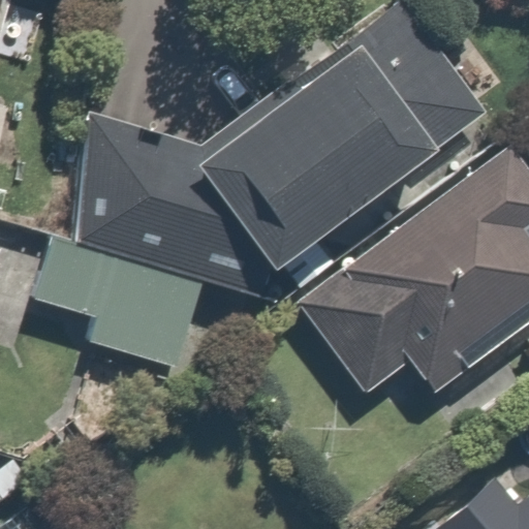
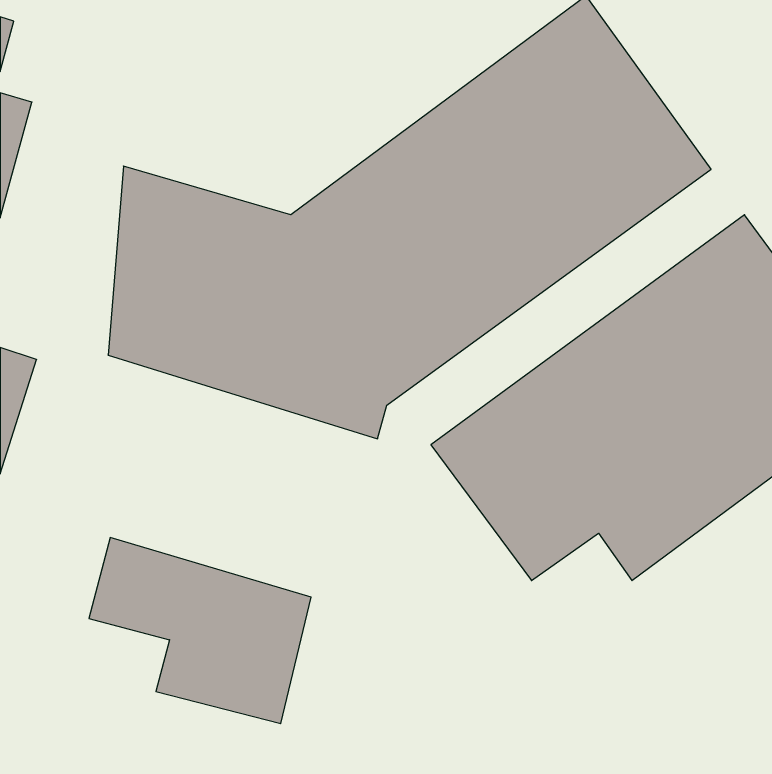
building: [48,246,198,372] -> [89,538,311,724]

